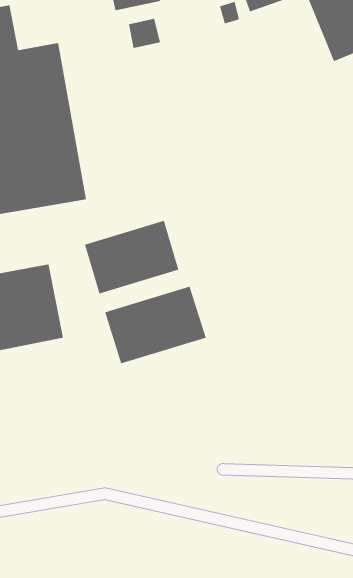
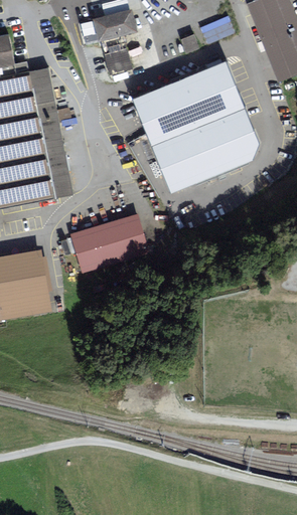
building: none -> [134,61,257,191]
building: [104,286,206,364] -> none

